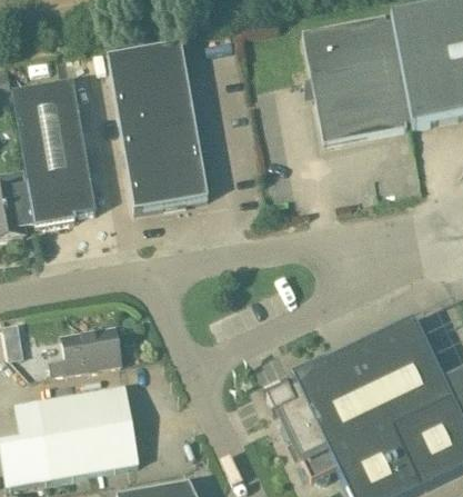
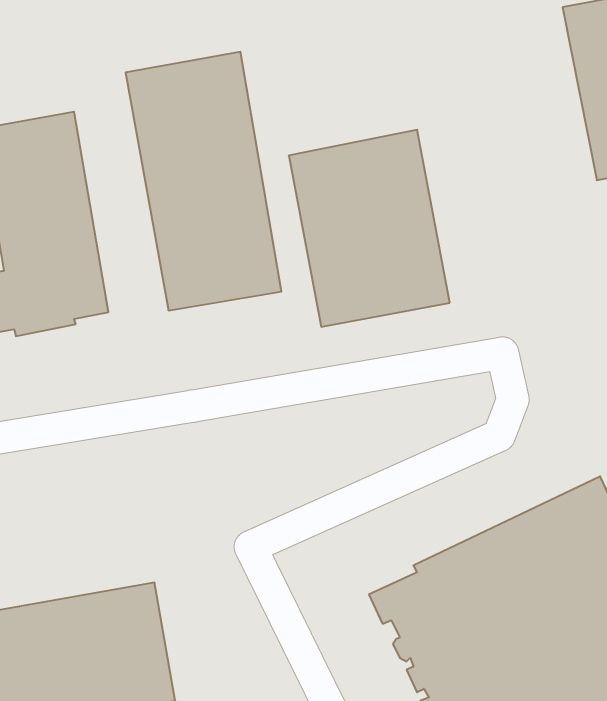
building: [302,13,406,141] -> [289,130,450,327]
building: [48,325,121,375] -> none

